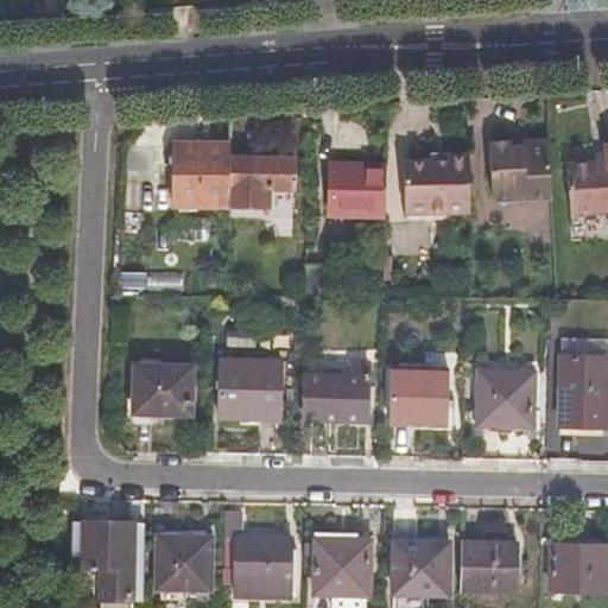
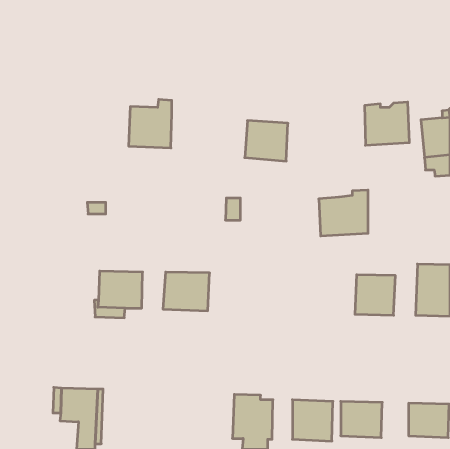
building: [230,153,293,205] -> none
building: [404,153,470,215] -> [319,190,368,236]
building: [309,363,369,422] -> none
building: [393,368,448,423] -> none
building: [221,517,290,596] -> none
building: [156,536,210,590] -> none

